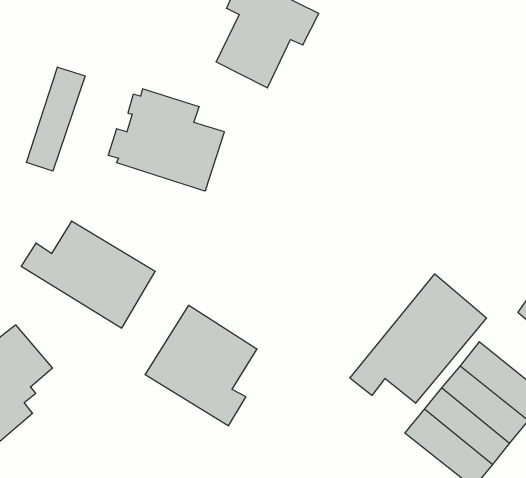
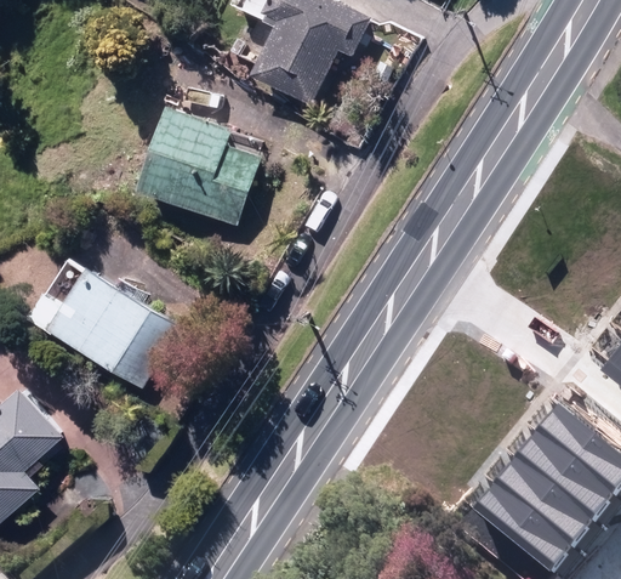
building: [26,67,85,171] -> none
building: [350,274,486,403] -> none
building: [145,305,257,426] -> none

